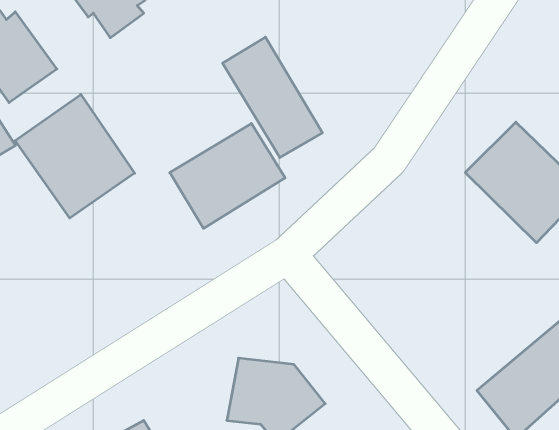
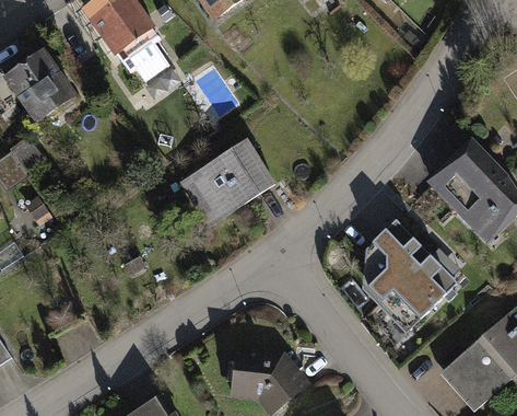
building: [223,37,322,158] -> none
building: [15,94,135,218] -> none
building: none -> [363,215,458,328]

